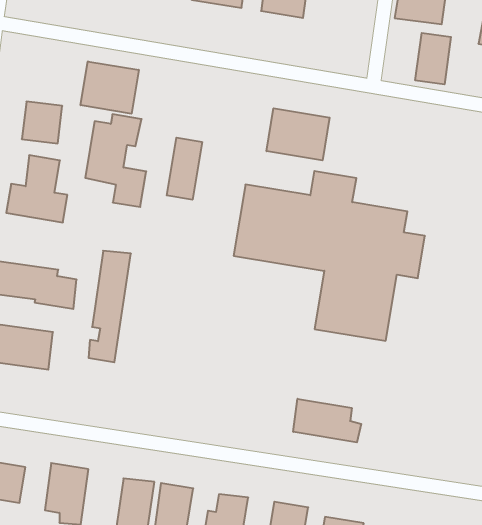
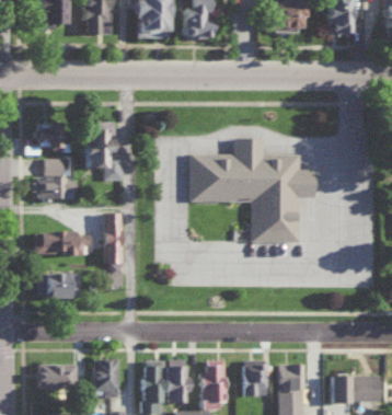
building: [415,33,451,84] -> none
building: [81,61,139,114] -> none
building: [267,108,330,160] -> none
building: [167,138,202,200] -> none
building: [293,399,361,442] -> none

